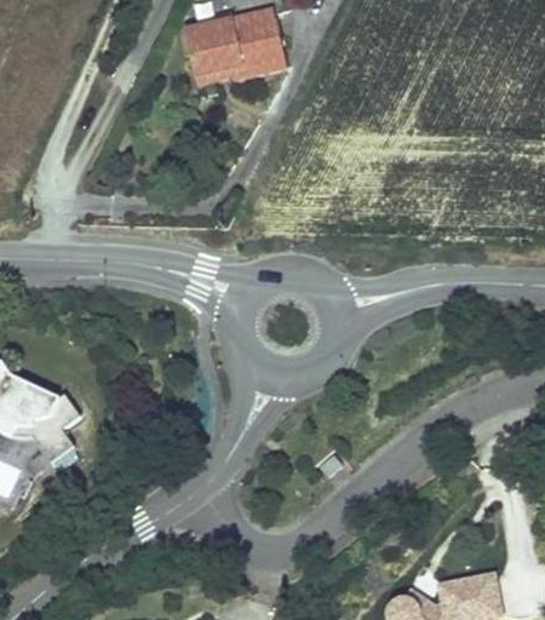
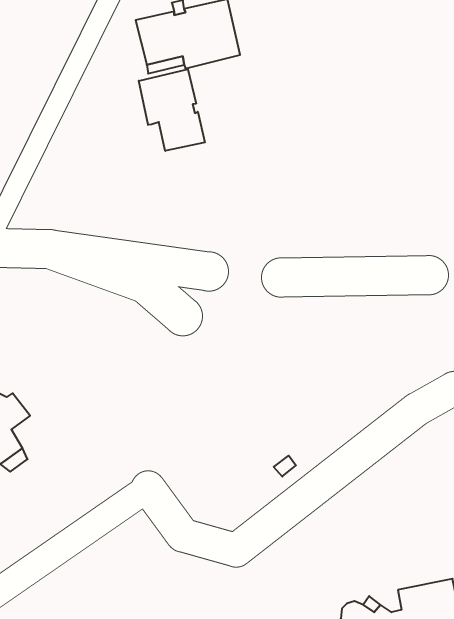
building: none -> [139,69,205,151]

